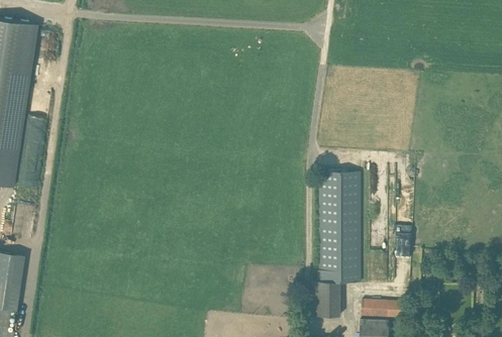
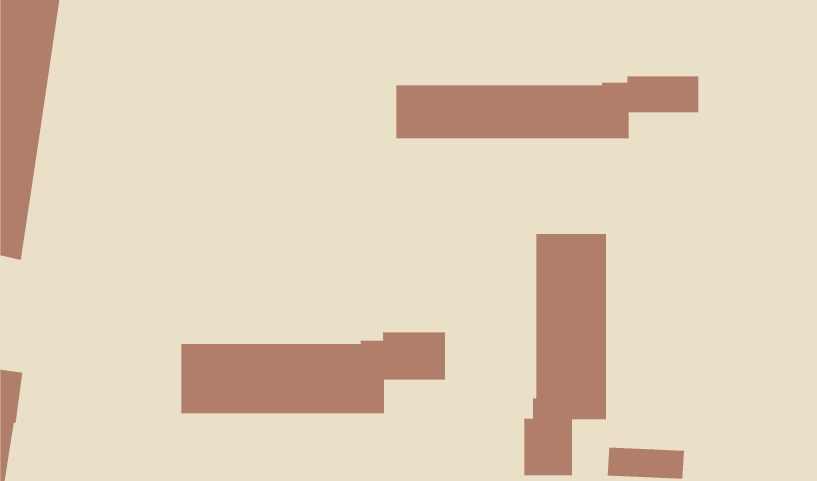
building: none -> [396,75,699,139]
building: none -> [181,331,445,414]

